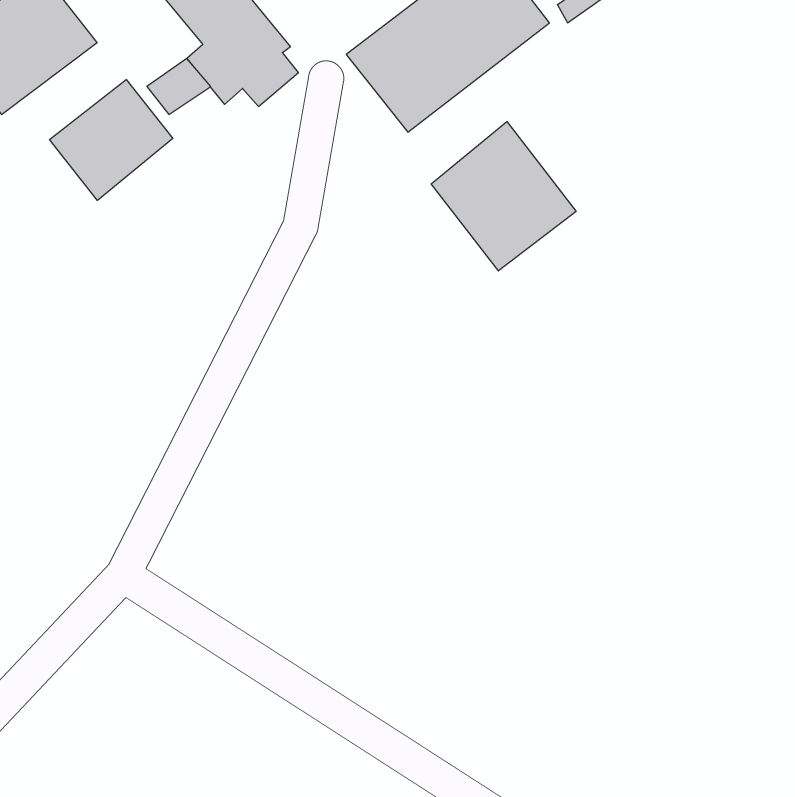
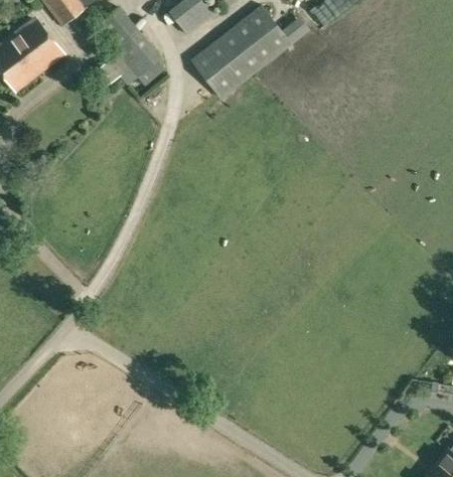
building: [50,80,173,200] -> none
building: [431,122,576,271] -> none

